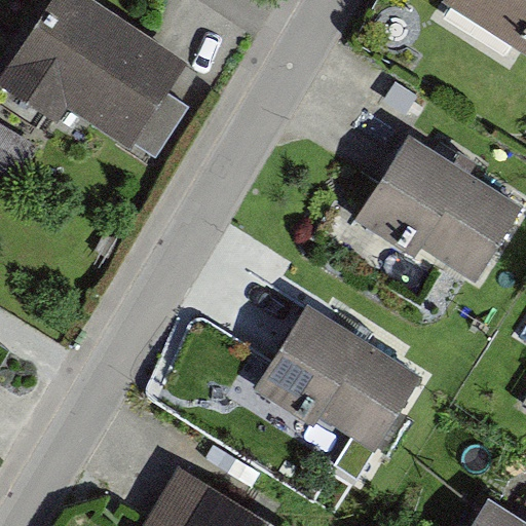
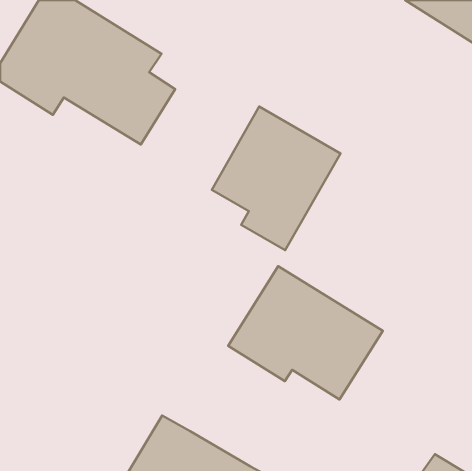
building: none -> [212,106,340,250]
building: [351,140,518,281] -> none

